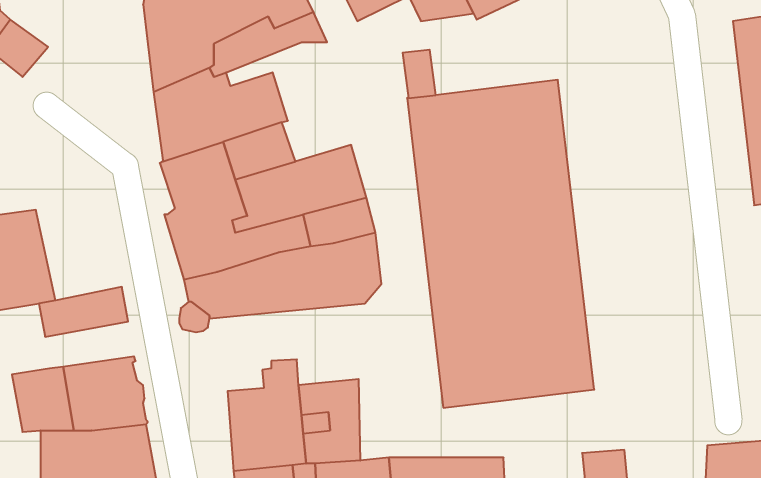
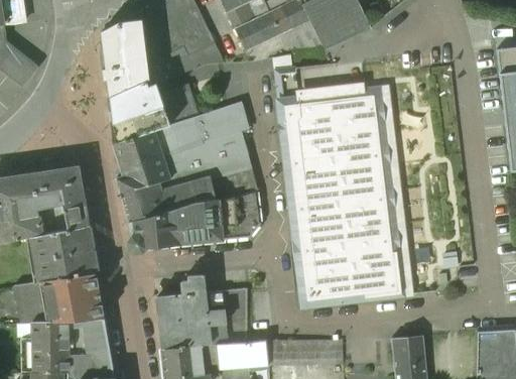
building: none -> [195,102,247,143]
building: none -> [30,168,88,236]
building: none -> [36,250,96,281]

